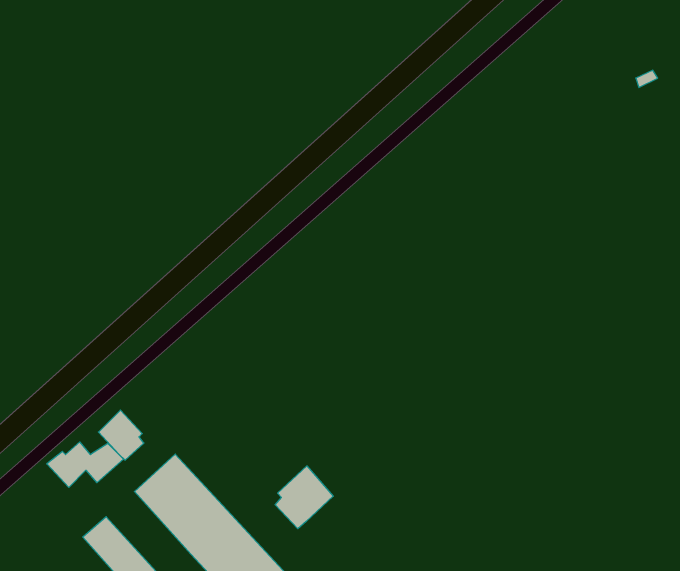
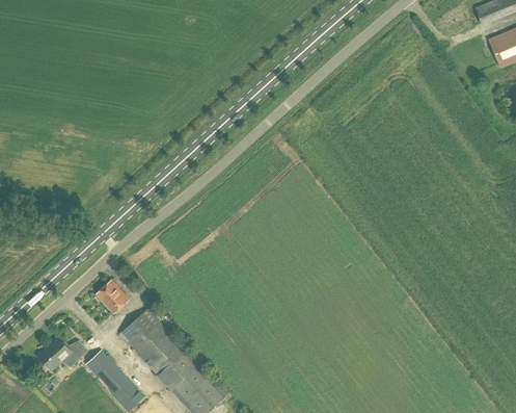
building: [47,442,124,487] -> [37,339,88,369]
building: [275,466,333,529] -> none

